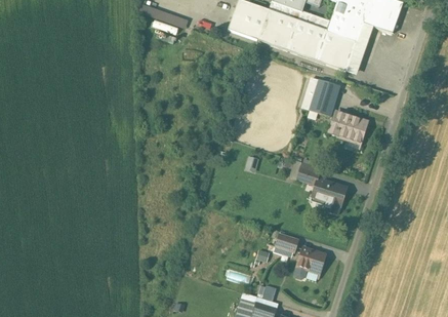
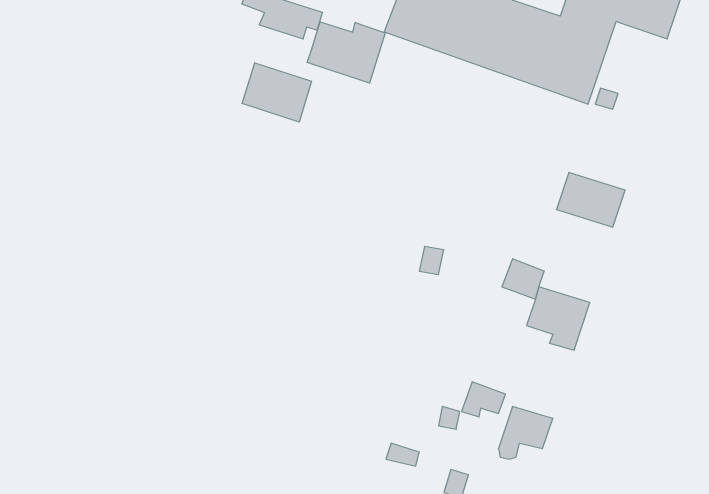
building: none -> [307,22,385,83]
building: none -> [242,63,312,122]
building: [302,77,339,116] -> none

